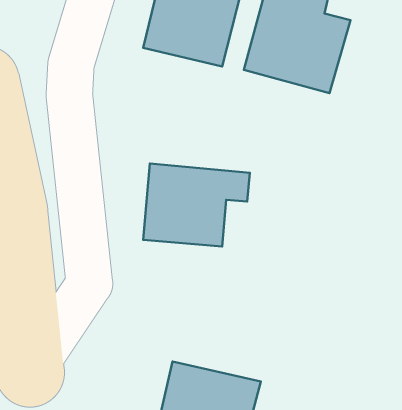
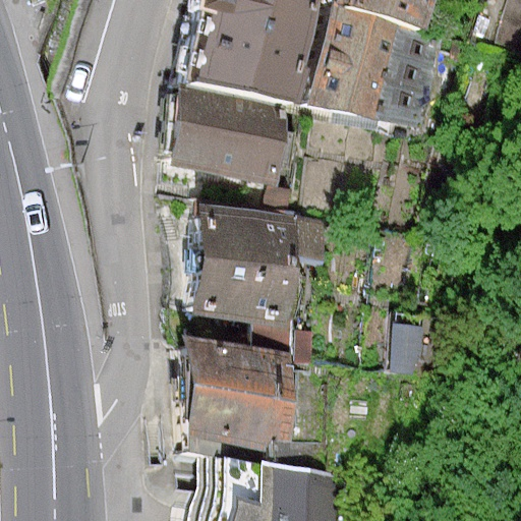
building: none -> [178,91,287,175]
building: none -> [188,344,291,436]

